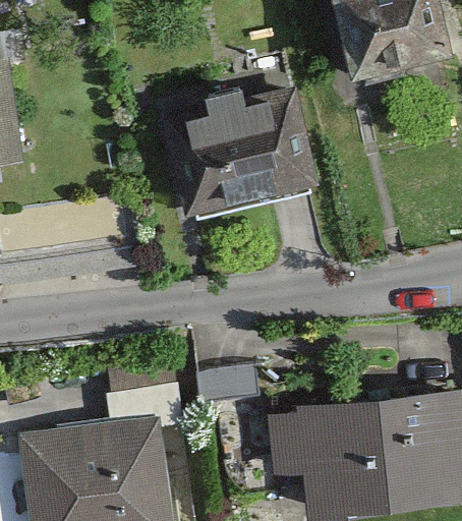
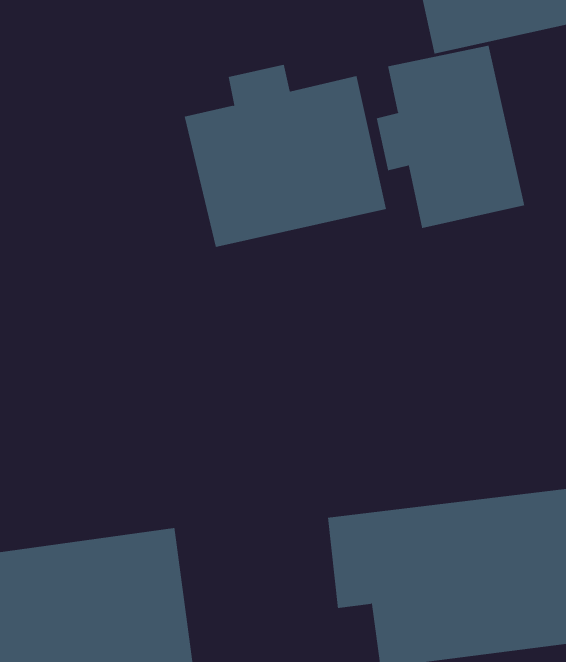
building: none -> [376,45,525,229]

